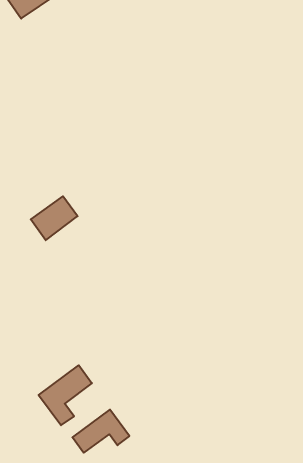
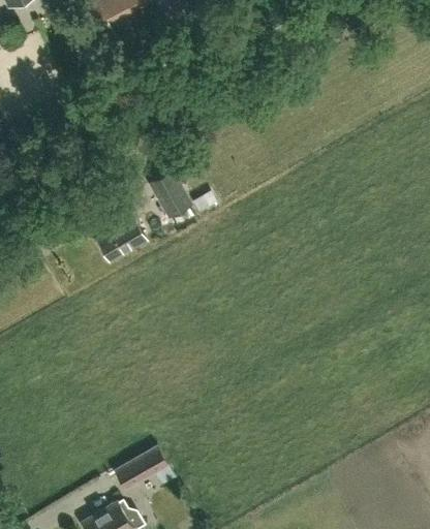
building: none -> [149,168,192,217]
building: [39,365,92,425] -> none

